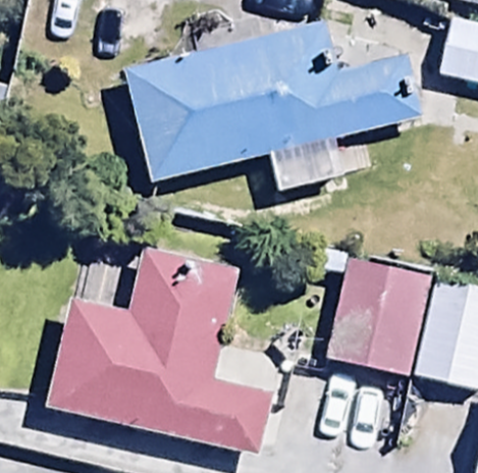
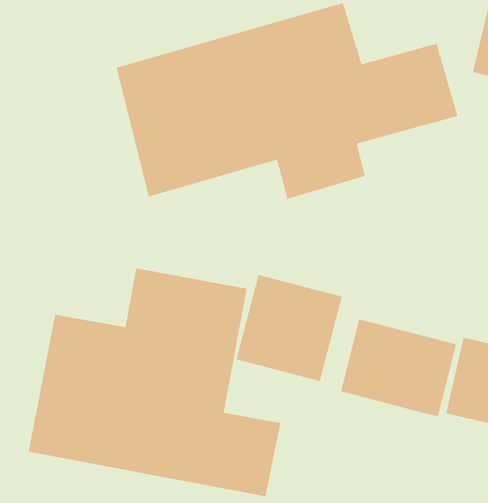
building: none -> [236,274,342,382]

